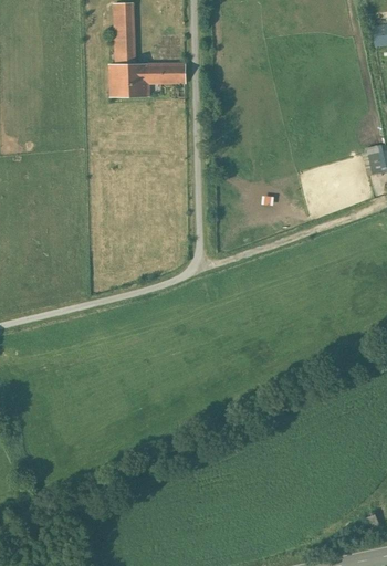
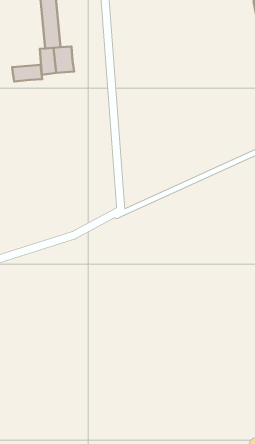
building: [147,63,185,81] -> none
building: none -> [12,65,42,81]

